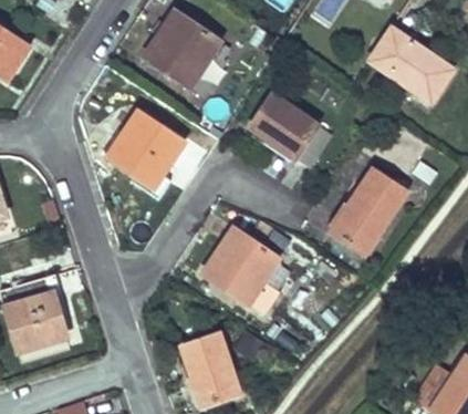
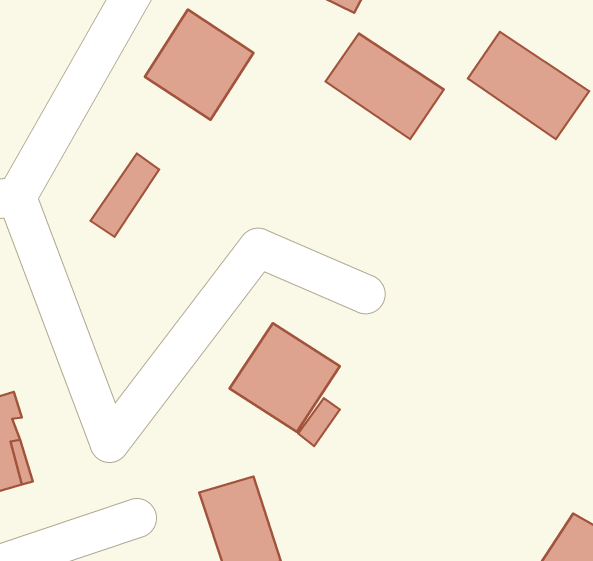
building: [249,93,331,166] -> [325,34,444,139]
building: [123,122,184,187] -> none
building: [332,167,406,252] -> none

